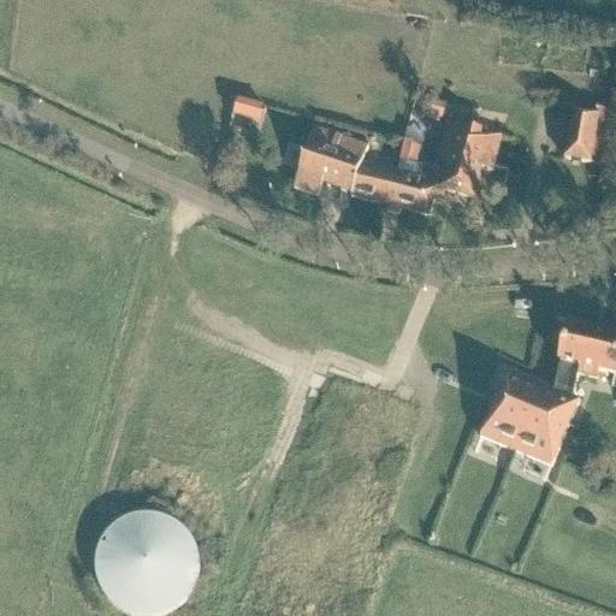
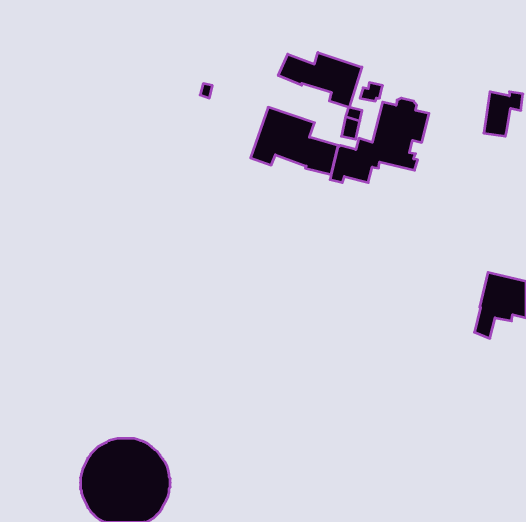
building: none -> [278,52,362,107]
building: [480,369,579,463] -> none

